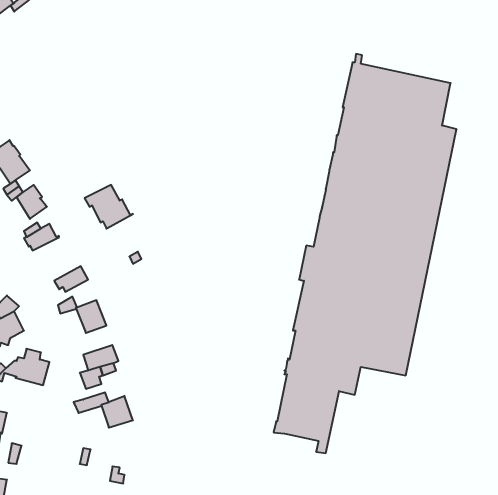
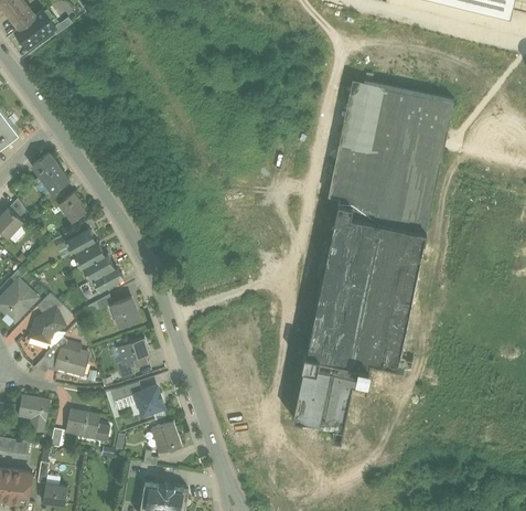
building: [85,185,133,229] -> [72,241,116,280]
building: none -> [65,409,109,439]
building: none -> [150,422,180,453]

